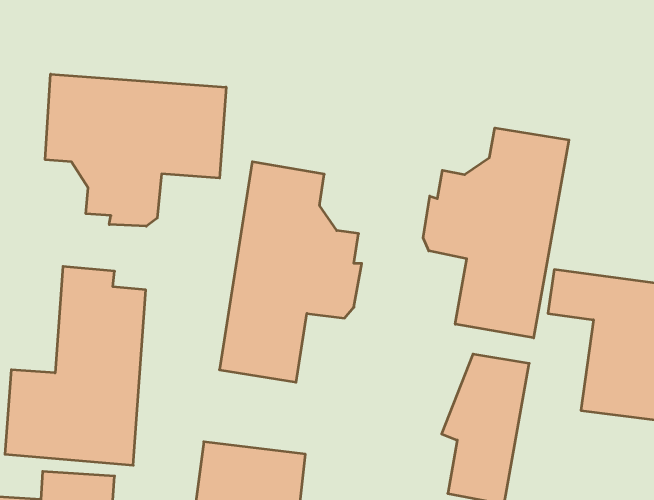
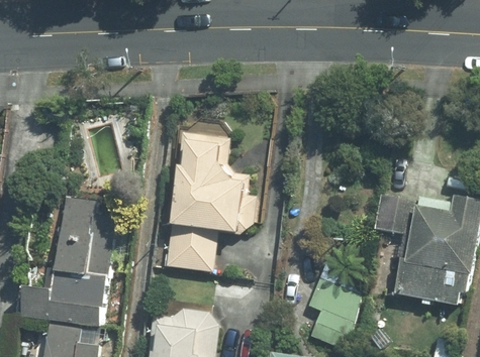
building: [45,74,226,226] -> none
building: [423,128,569,338] -> none

